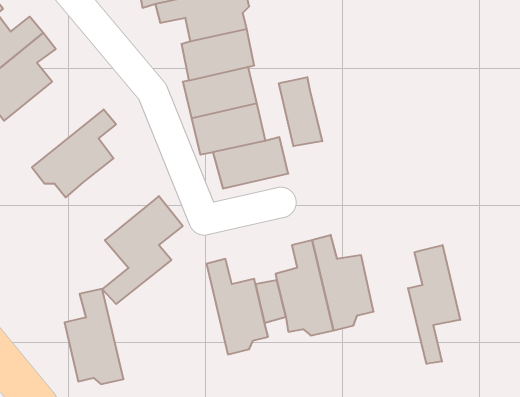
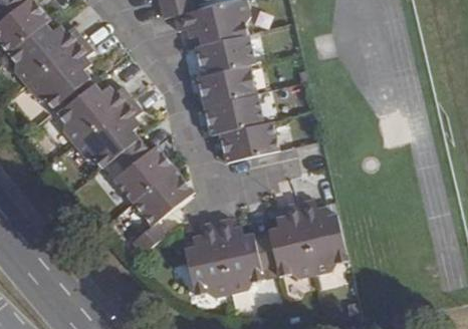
building: [279,77,322,146] -> none
building: none -> [56,81,131,143]
building: none -> [113,136,175,202]
building: [408,245,460,364] -> none
building: [64,289,124,384] -> [183,221,230,297]

